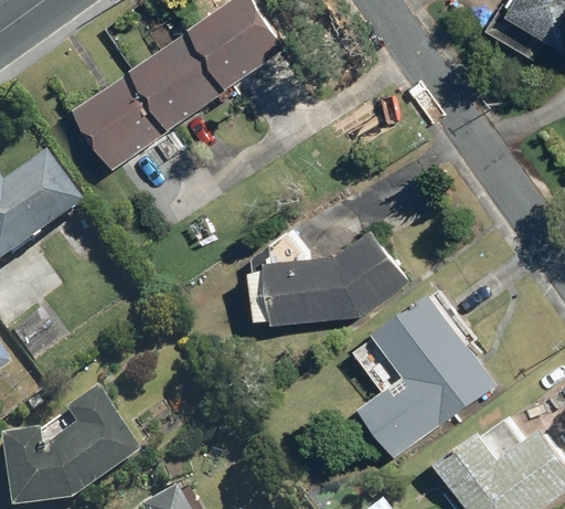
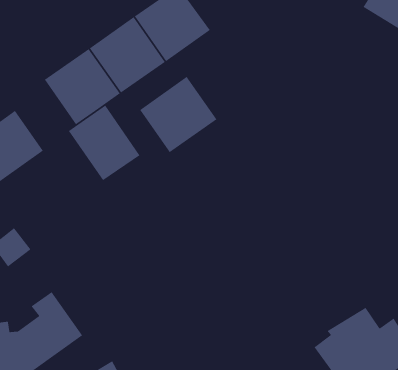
building: none -> [139,76,218,153]
building: none -> [68,105,140,181]
building: [254,231,405,327] -> none
building: [354,289,500,456] -> none

